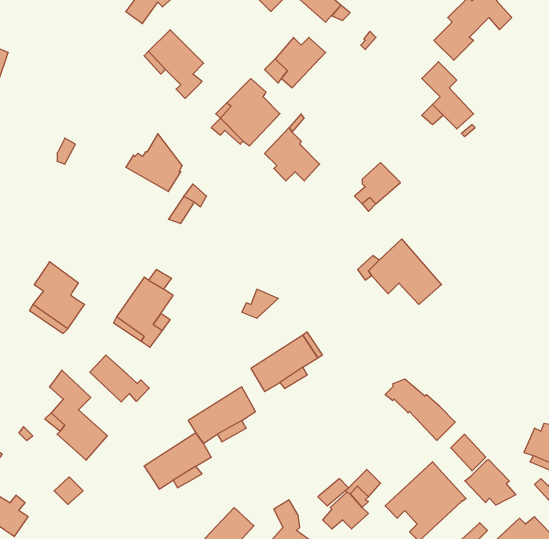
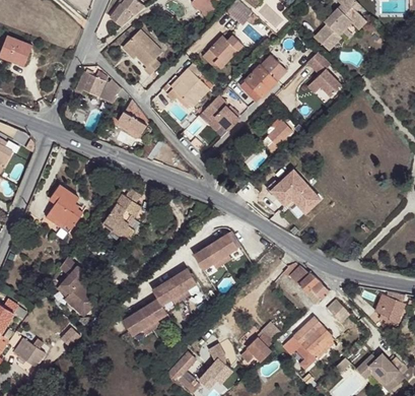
building: none -> [239,55,286,101]
building: none -> [75,69,121,104]
building: [90,355,149,402] -> none
building: [465,460,516,505] -> none

